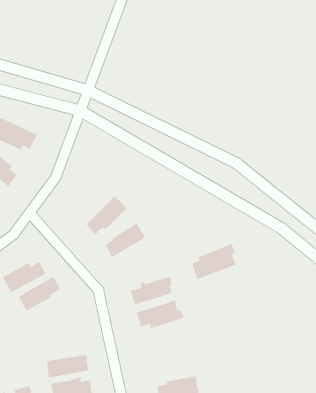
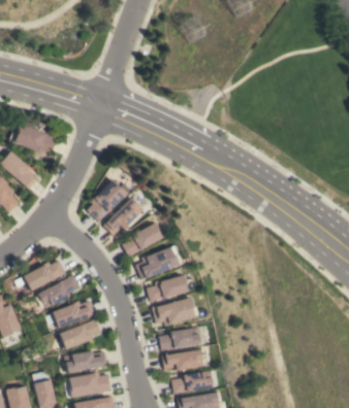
building: none -> [87,181,126,222]
building: [191,243,236,280] -> [135,245,179,280]
building: none -> [51,301,95,329]
building: none -> [60,319,100,350]
building: none -> [158,328,199,351]
building: none -> [162,350,203,372]

